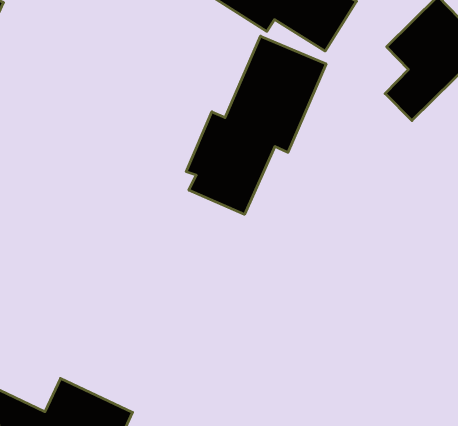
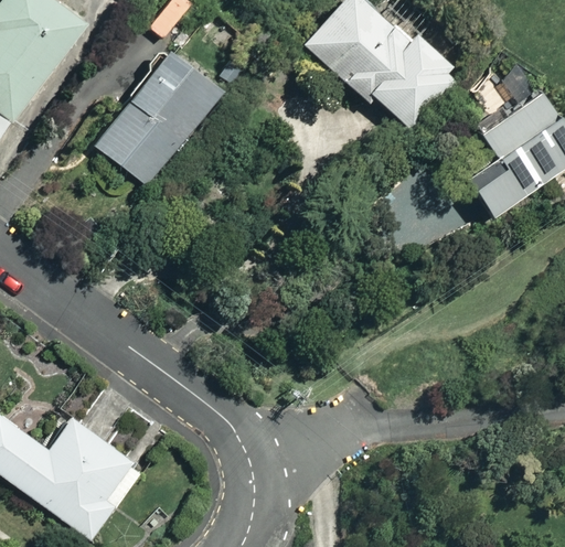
building: none -> [95,47,220,187]
building: [186,36,326,214] -> none

